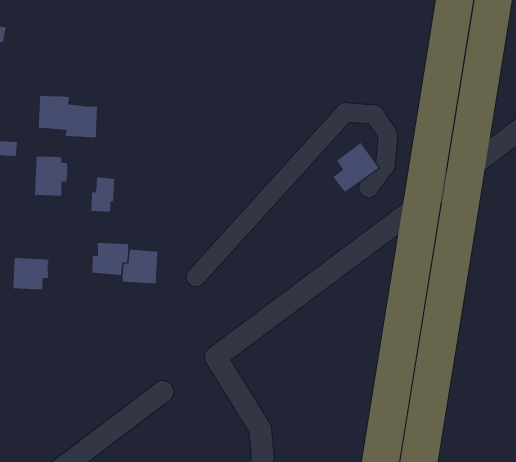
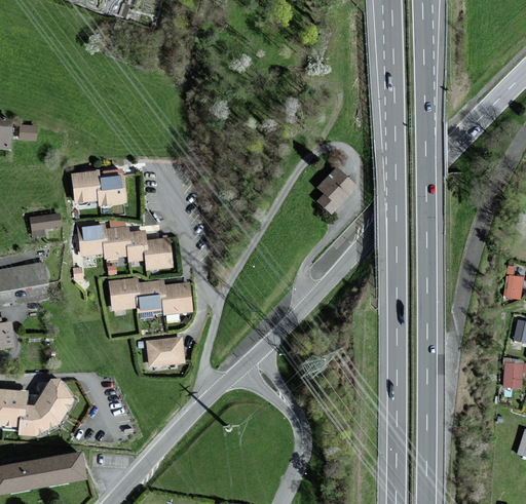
building: none -> [102,228,129,258]
building: none -> [144,239,172,270]
building: [12,257,49,290] -> [109,280,140,309]
building: none -> [147,339,184,365]

